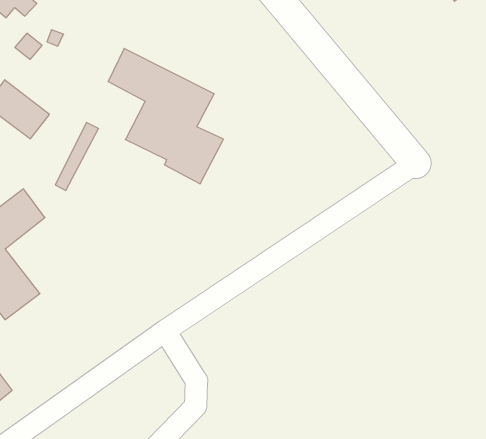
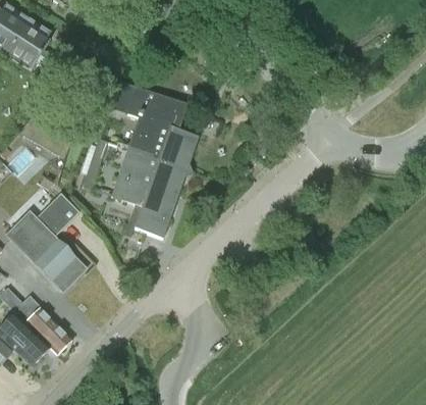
building: none -> [111,146,187,238]

